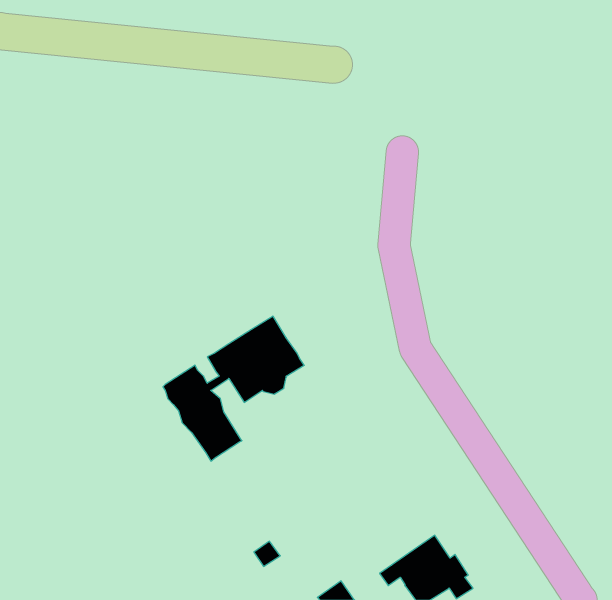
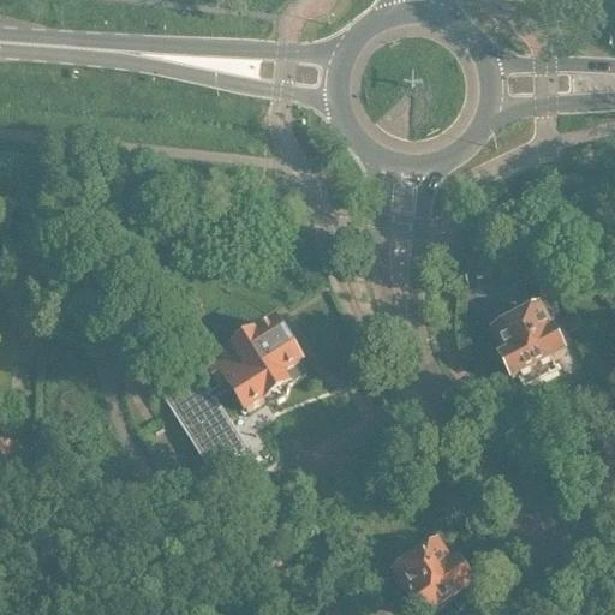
building: none -> [490,288,562,382]

